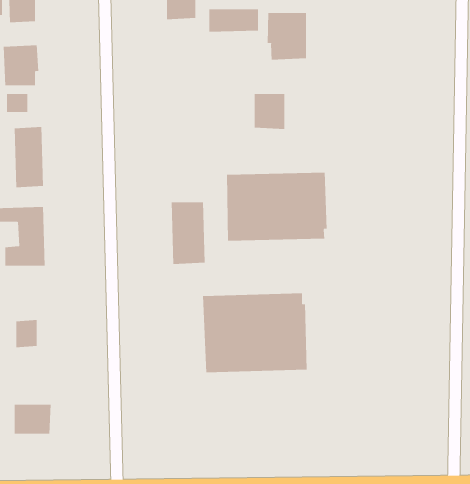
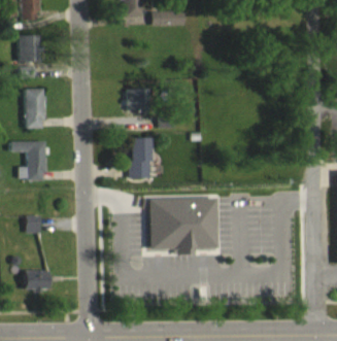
building: [267,12,307,60] -> none
building: [254,93,285,129] -> [129,88,149,111]
building: [227,172,327,242] -> none

